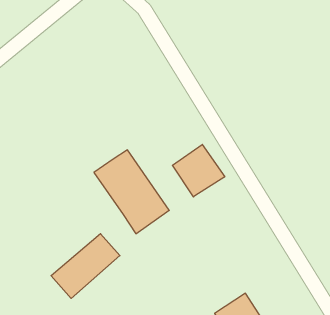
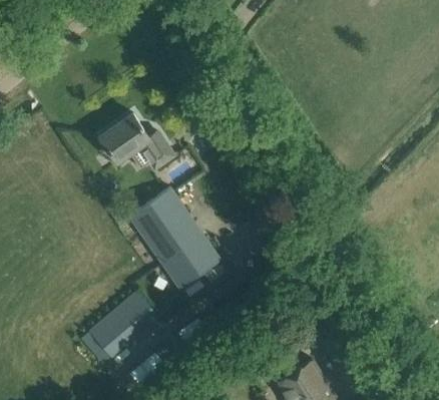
building: none -> [100,115,173,169]
building: [172,144,225,197] -> none

